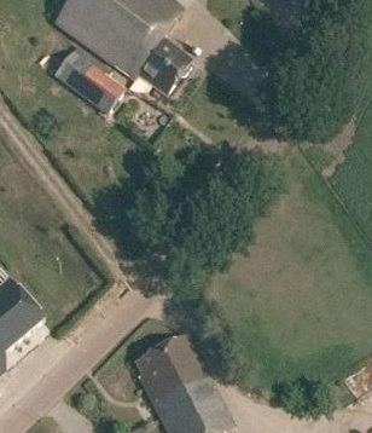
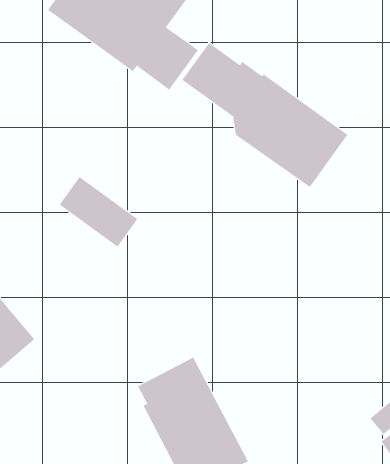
building: [52,48,123,112] -> [59,176,138,247]
building: none -> [182,42,348,188]

